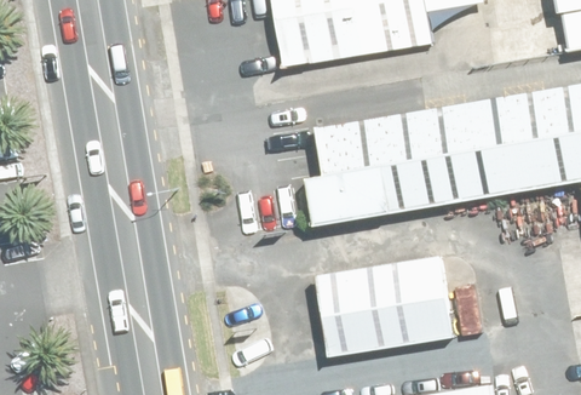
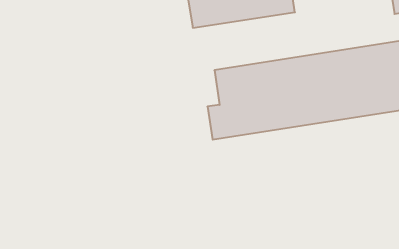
building: [322,256,451,356] -> none

